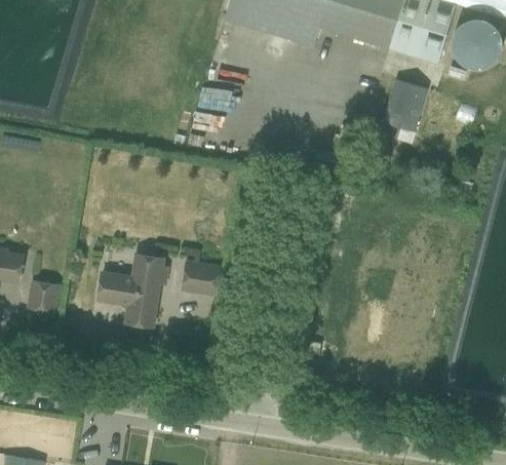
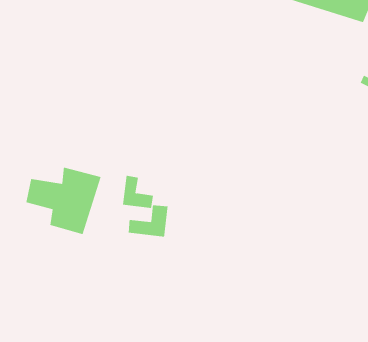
building: [382,69,432,133] -> none
building: none -> [128,205,168,238]

